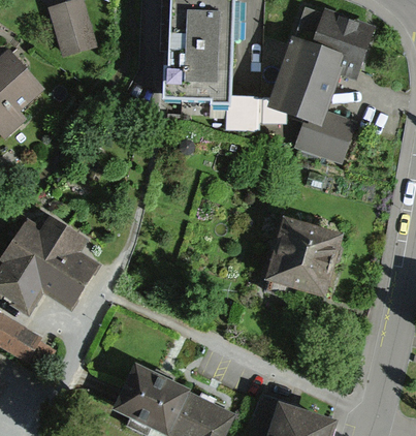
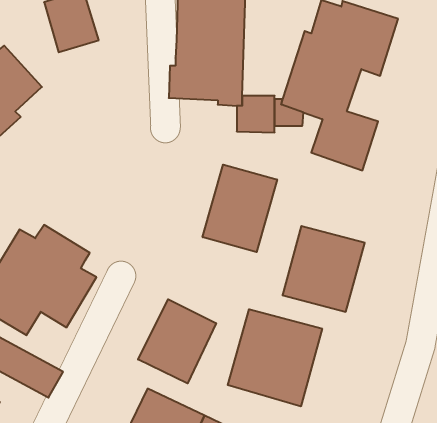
building: none -> [203,165,277,252]
building: none -> [138,299,216,383]
building: none -> [228,309,322,406]

